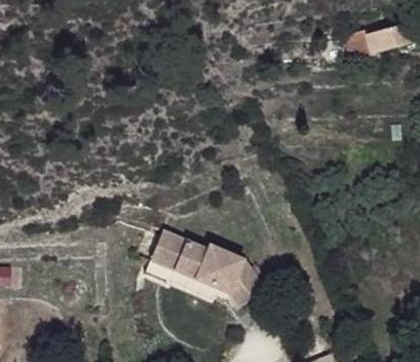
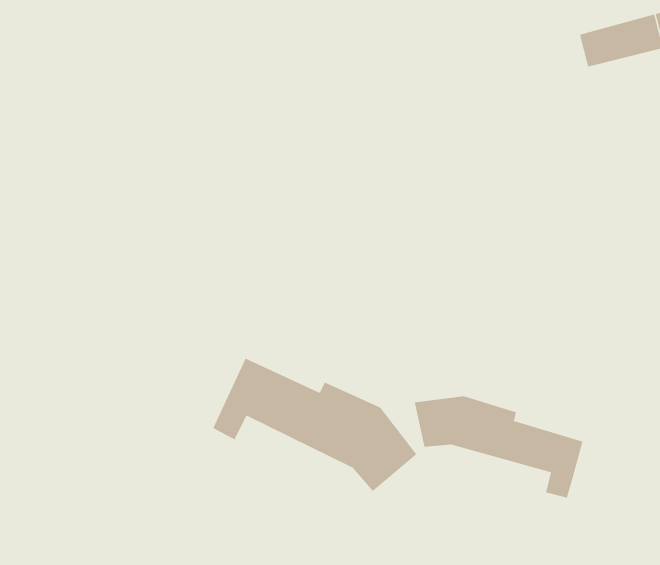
building: none -> [414,395,583,498]

